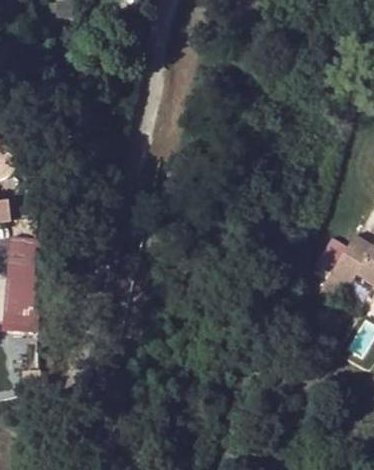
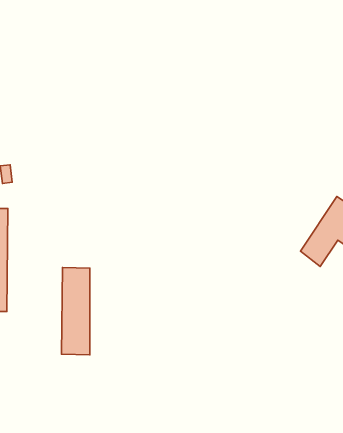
building: none -> [62,268,90,355]

